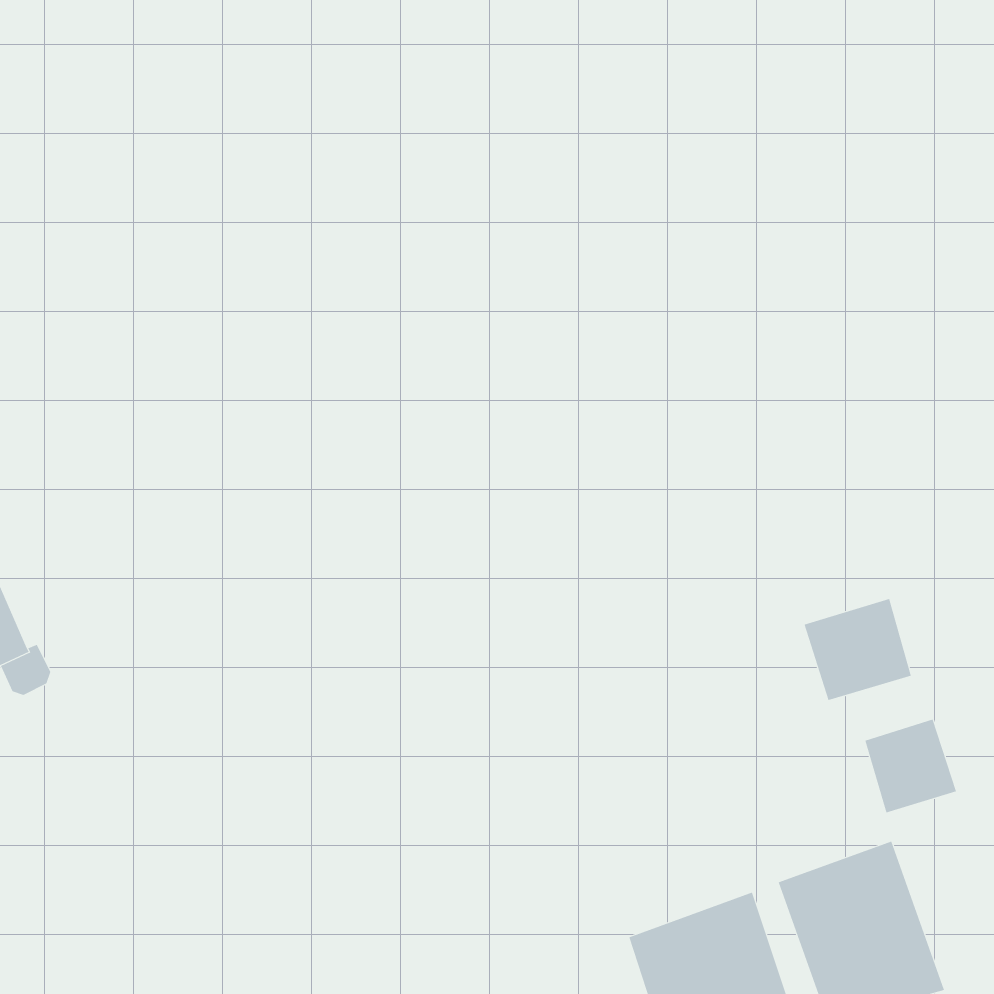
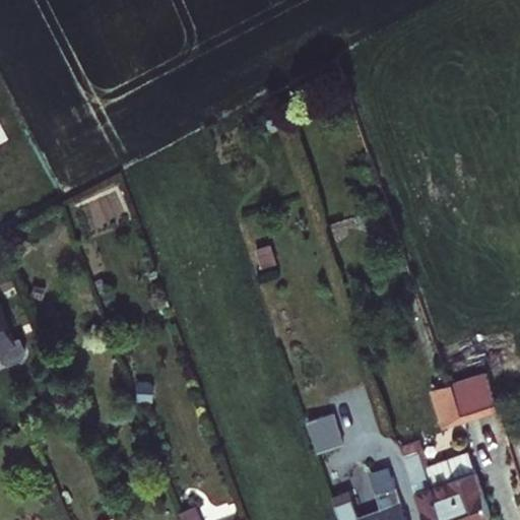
building: [804,598,912,701] -> none
building: none -> [303,416,338,454]

